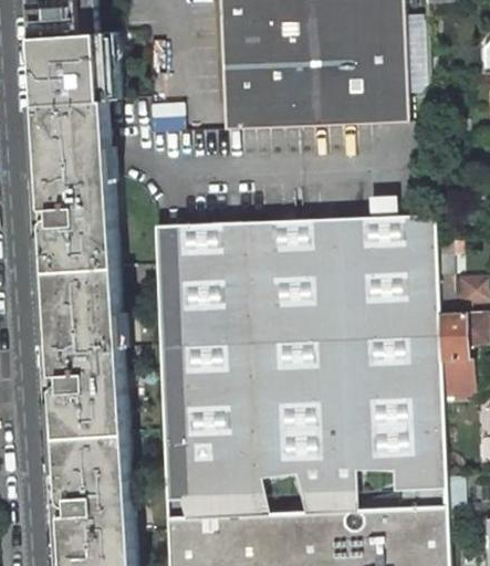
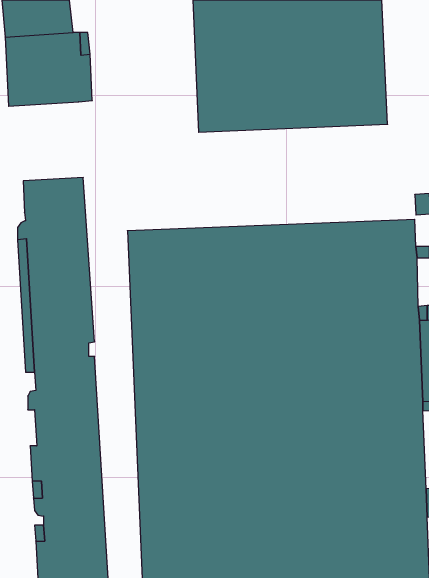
building: [38,99,111,208] -> none

